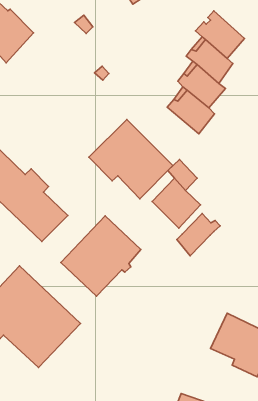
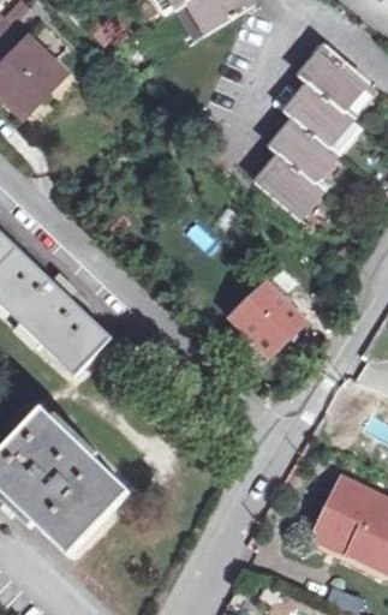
building: [89,119,173,199] -> none
building: [177,213,220,256] -> none
building: [61,216,141,296] -> none

